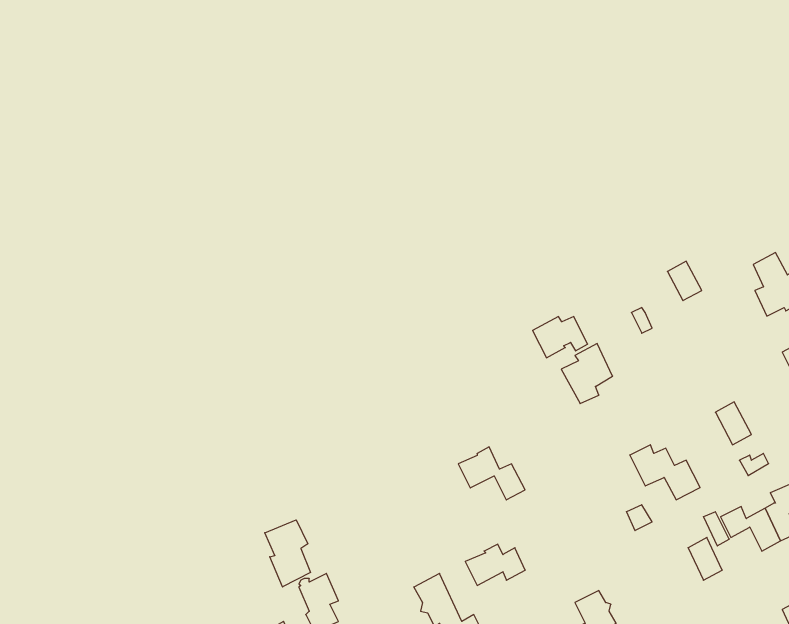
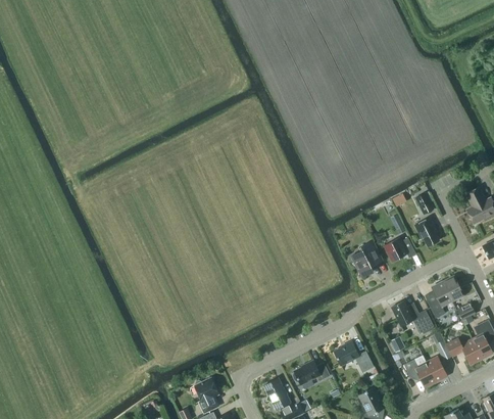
building: none -> [414,218,439,246]
building: [533,317,588,358] -> [384,238,416,263]
building: none -> [430,282,453,318]
building: [458,447,525,500] -> [334,341,374,373]
building: [265,520,310,587] -> none
building: none -> [404,356,436,387]

